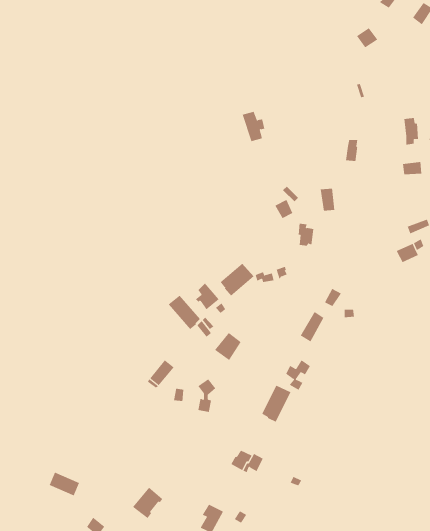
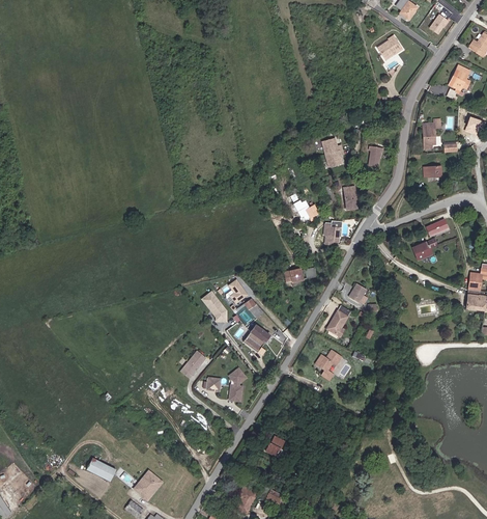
building: [242,111,265,142] -> [320,138,342,167]
building: [220,263,254,296] -> none
building: [262,385,291,422] -> none
building: [132,487,163,519] -> [131,469,160,499]

